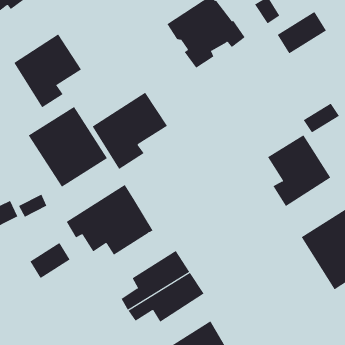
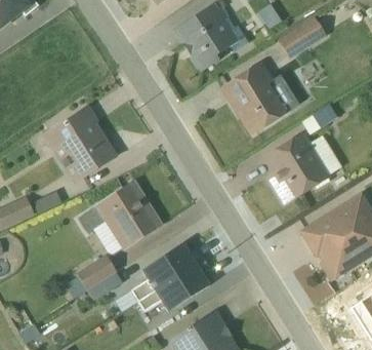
building: [14,34,82,108] -> none
building: none -> [223,62,300,133]
building: [92,92,168,170] -> none
building: [29,242,71,279] -> [78,255,117,289]

